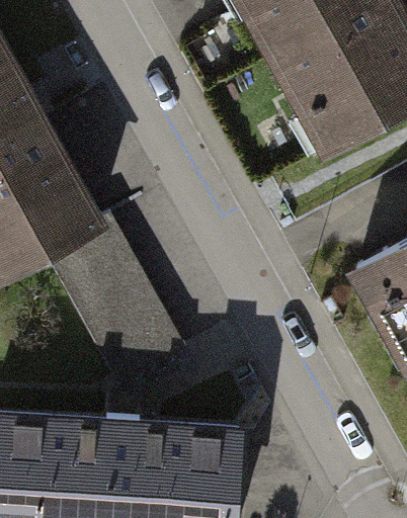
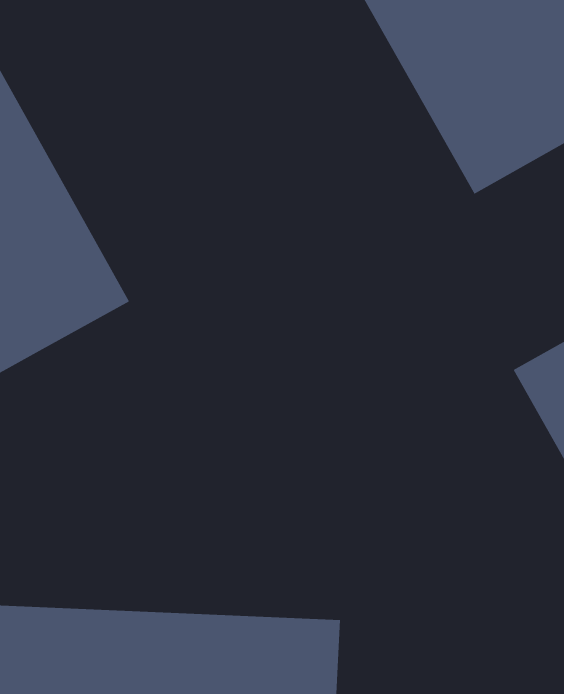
building: [49,227,176,382] -> none

